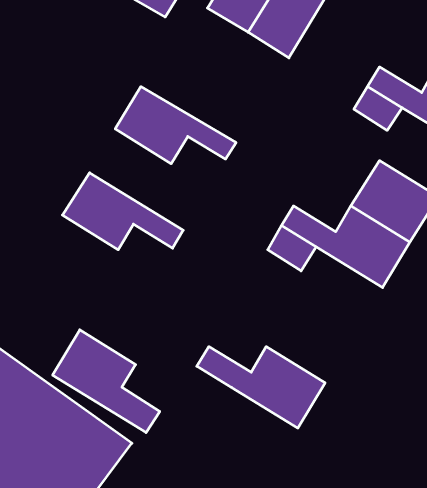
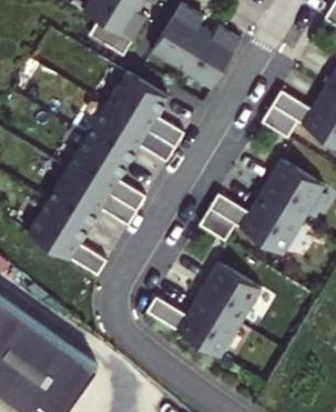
building: none -> [105,72,185,147]
building: none -> [68,137,146,211]
building: none -> [197,263,262,323]
building: [53,330,160,433] -> [28,200,106,275]

